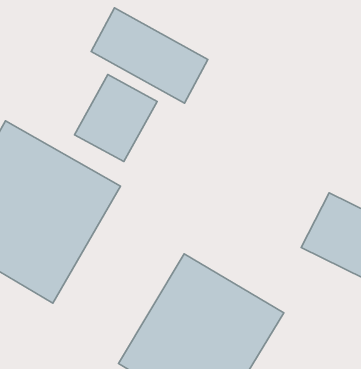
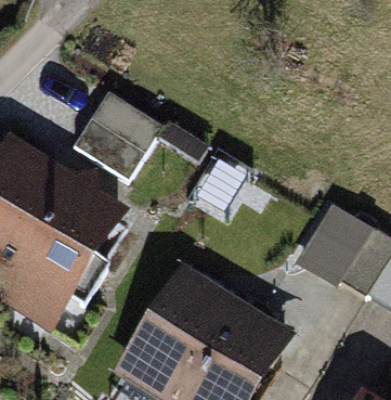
building: [91,8,208,103] -> none

